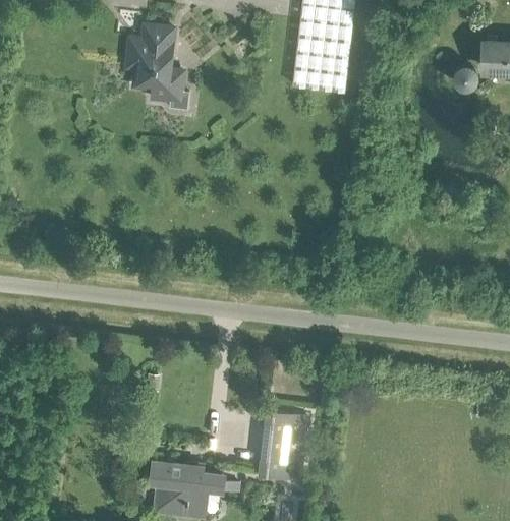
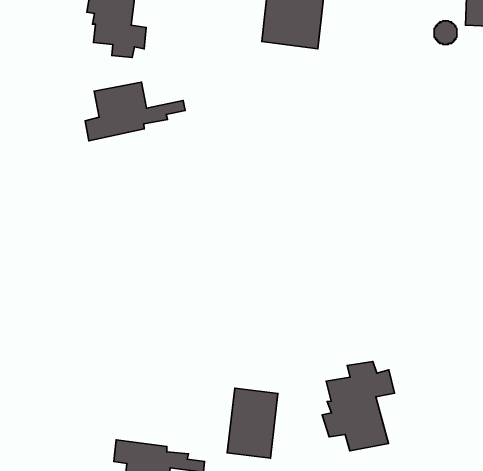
building: none -> [85,82,185,141]
building: none -> [322,361,395,451]

